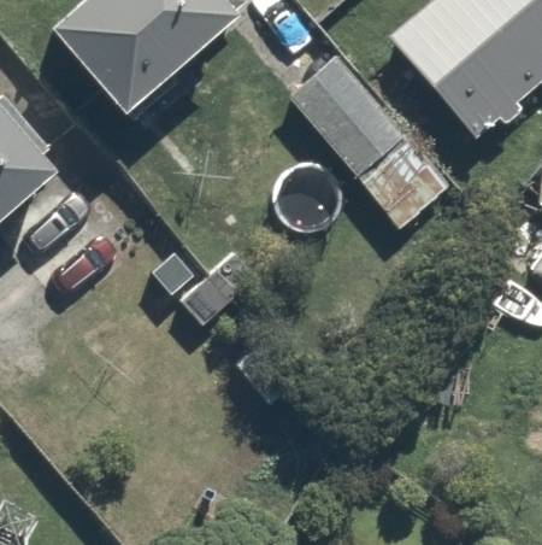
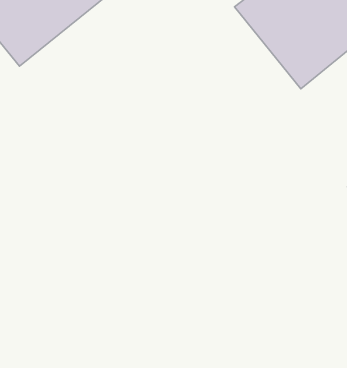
building: [291,45,459,234] -> none

